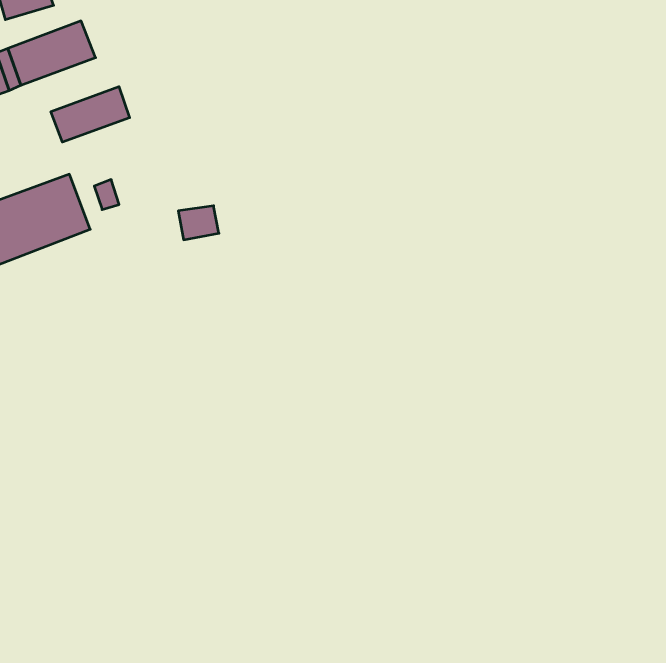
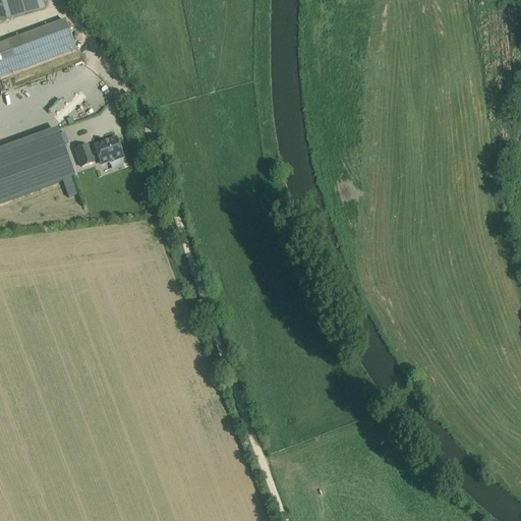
building: [51,87,130,142] -> none
building: [178,206,219,240] -> [91,133,122,160]

